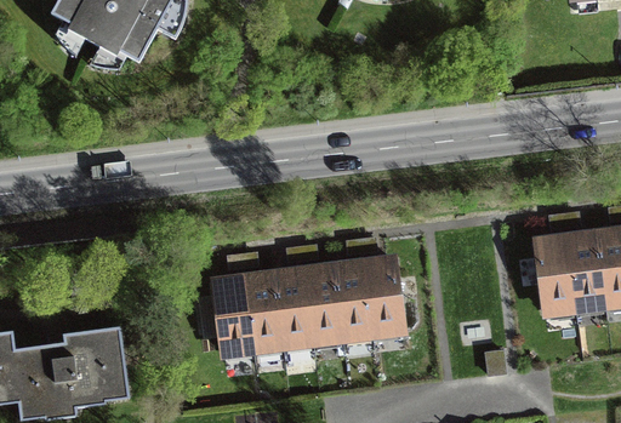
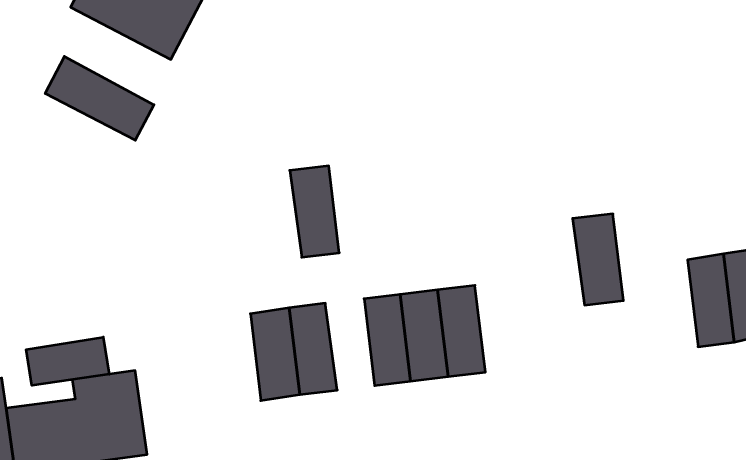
building: none -> [45,56,154,140]
building: [532,235,574,309] -> [573,214,623,305]
building: [272,267,312,341] -> [290,166,339,257]
building: none -> [26,337,109,385]

